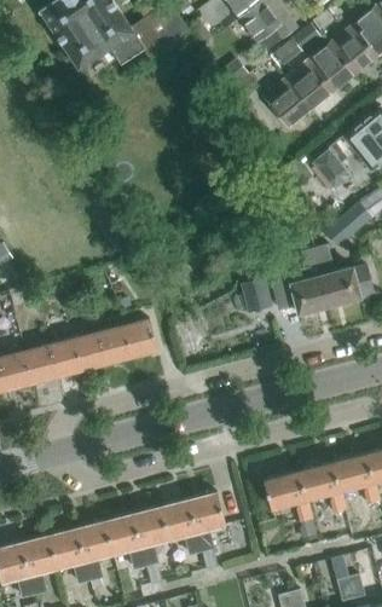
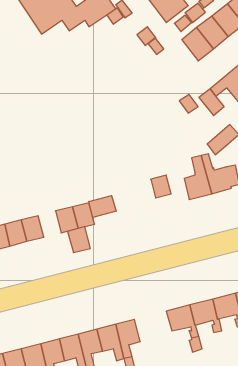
building: [264,77,311,127] -> none
building: none -> [89,196,116,218]
building: [74,331,108,370] -> [68,226,90,253]

